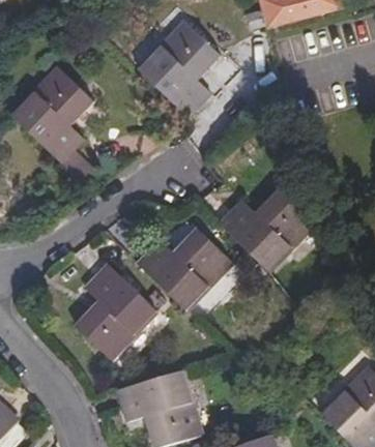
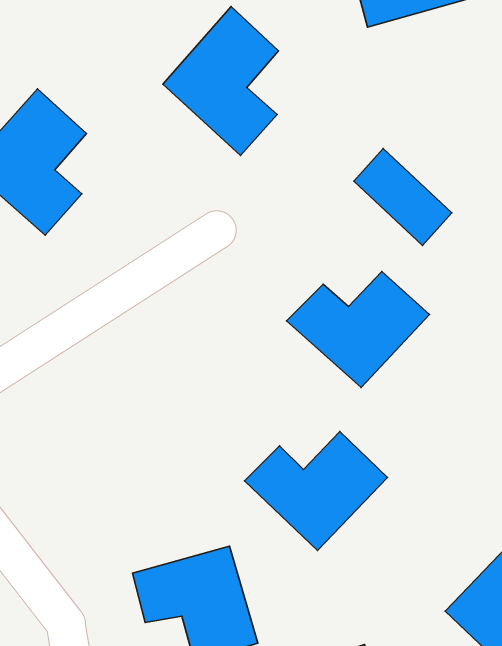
building: none -> [354,149,452,245]
building: [136,230,229,307] -> [245,431,387,551]
building: [78,263,154,356] -> none

